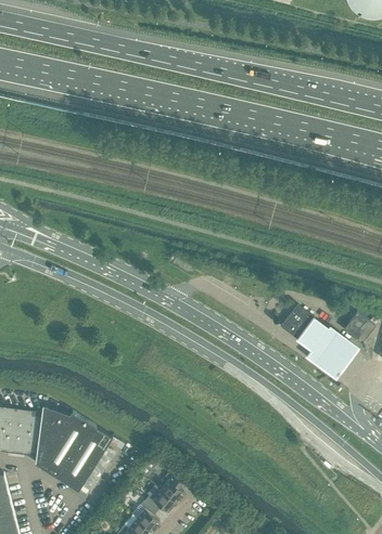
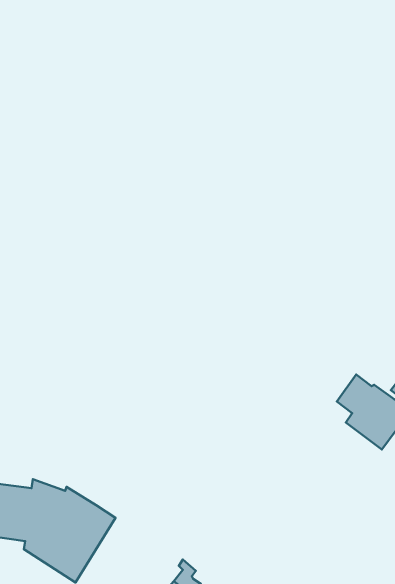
building: [280,305,314,340] -> none

